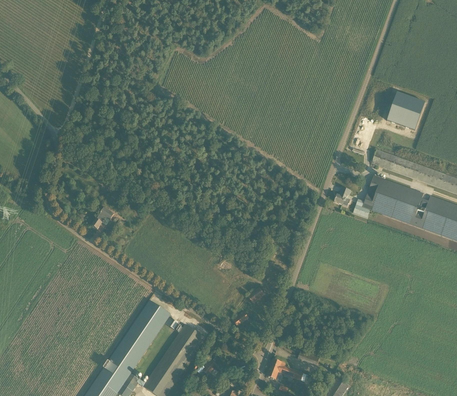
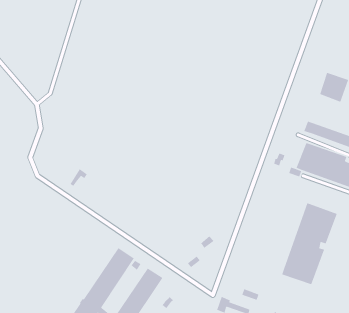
building: none -> [281,202,338,285]

